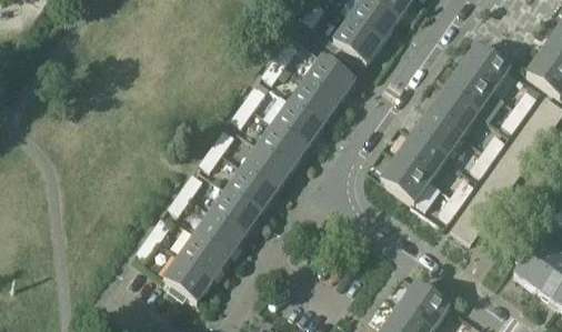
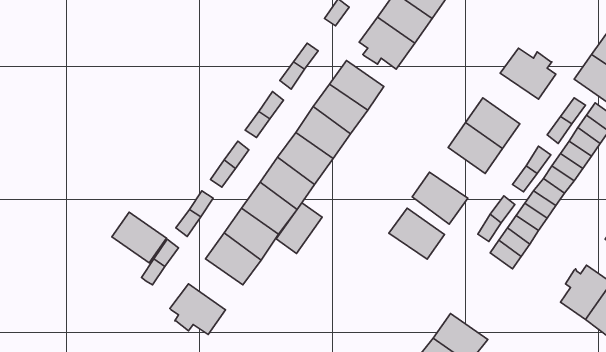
building: [443,67,493,112] -> none
building: [395,133,445,179] -> [389,208,444,259]
building: none -> [276,203,322,253]
building: [179,233,228,279] -> [112,212,166,263]

